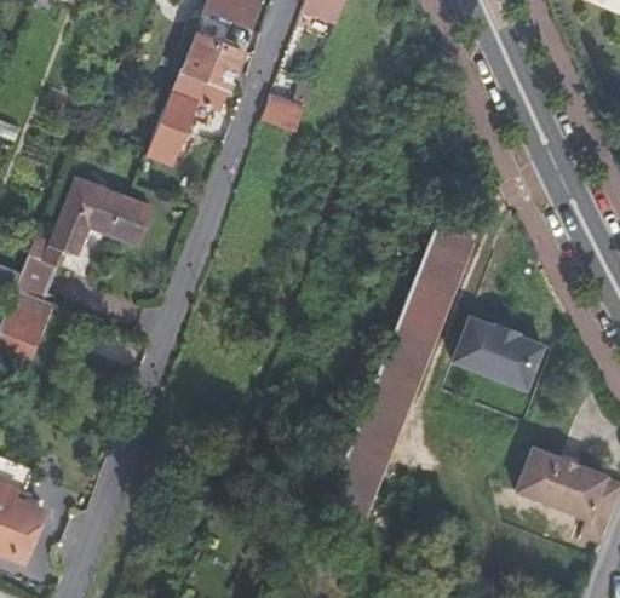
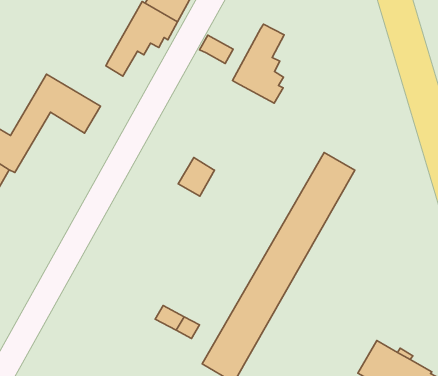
building: none -> [233,24,284,103]
building: none -> [178,157,215,196]
building: [454,315,544,386] -> none

